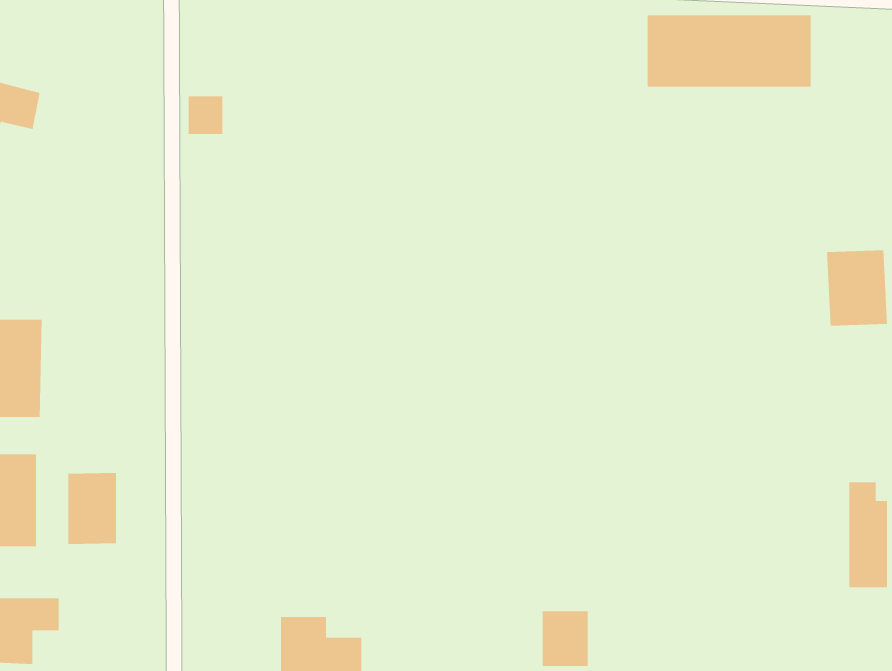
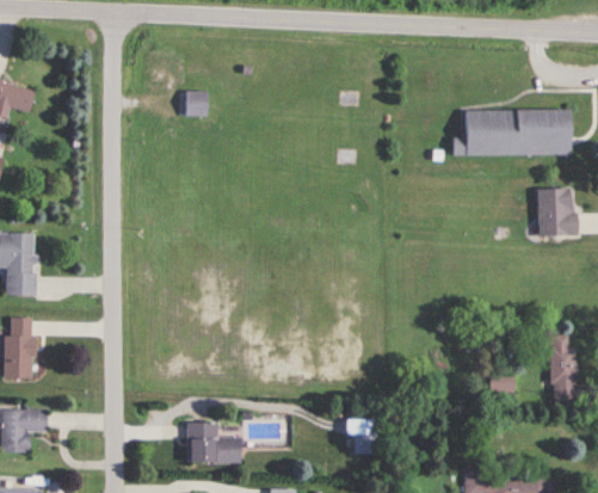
building: [647,14,811,87] -> [463,110,568,156]
building: [188,96,223,135] -> [185,91,208,116]
building: [68,472,117,545] -> none
building: none -> [489,372,514,393]

